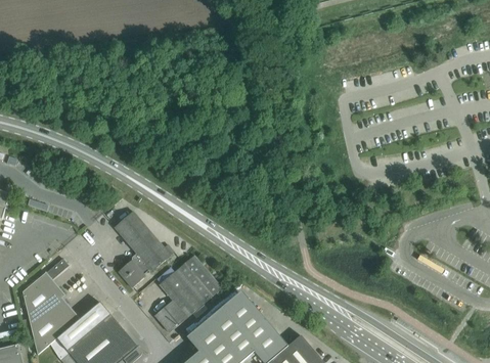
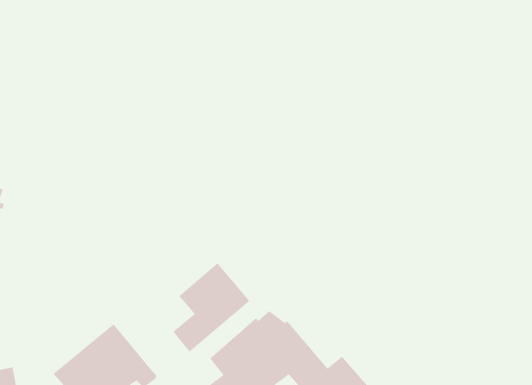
building: [115,213,174,288] -> none
building: [21,259,104,356] -> none

